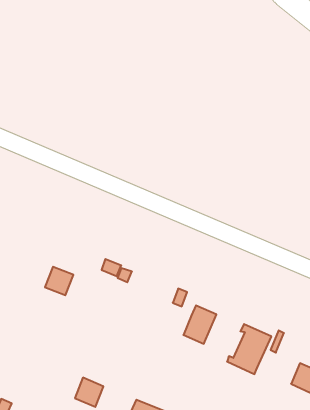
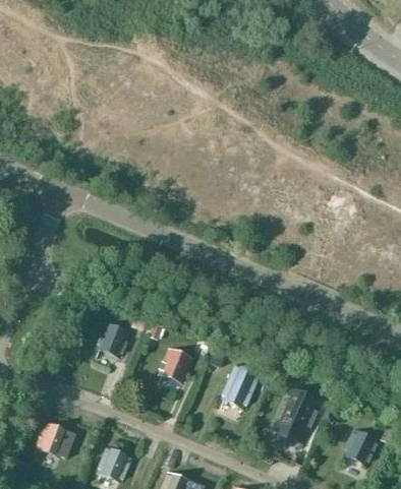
building: [45,267,73,295] -> [97,323,129,356]
building: none -> [159,349,192,381]
building: none -> [37,423,74,457]

